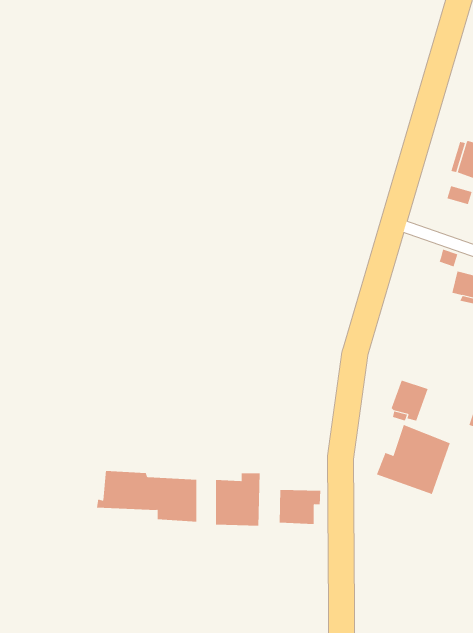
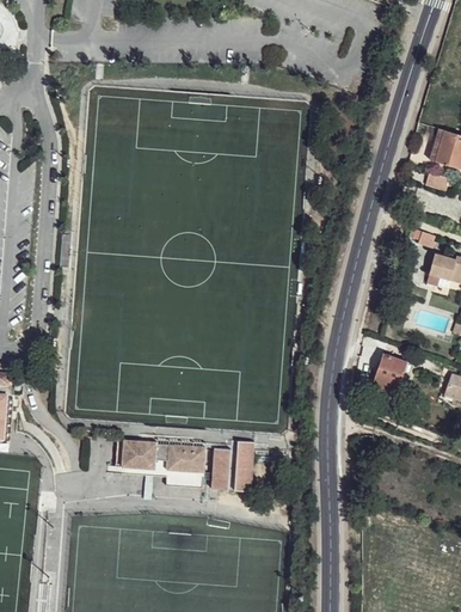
building: [376,424,451,495] -> none
building: [279,489,321,525] -> none

